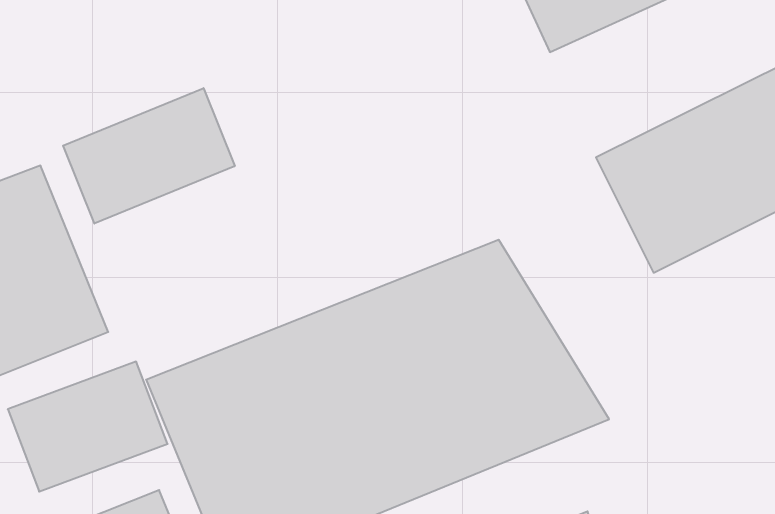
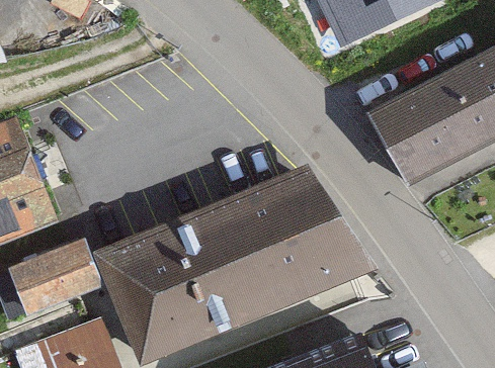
building: [63,88,235,224] -> none

